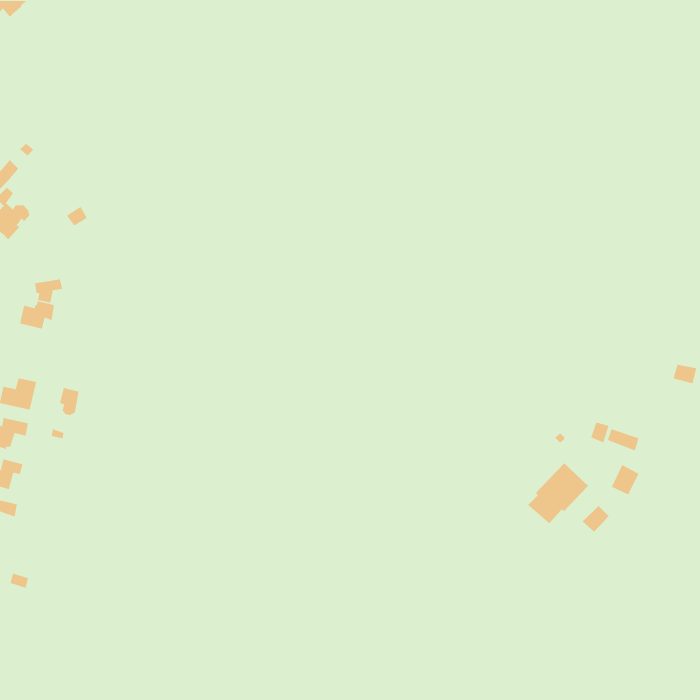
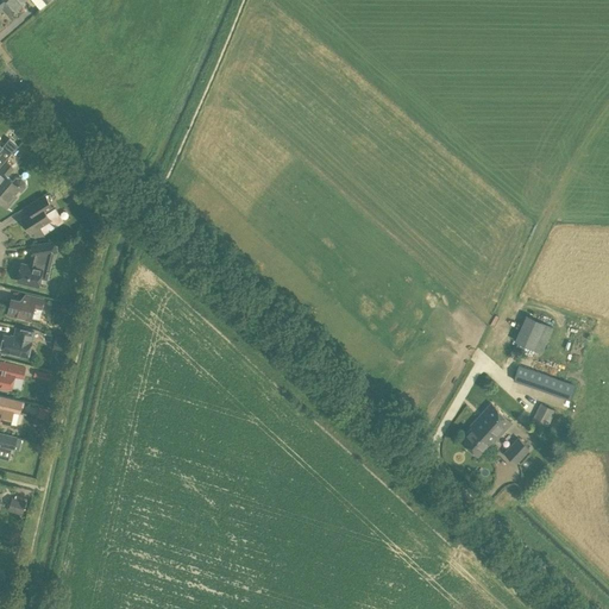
building: none -> [21,195,63,234]
building: none -> [6,296,43,321]
building: none -> [513,315,544,350]

